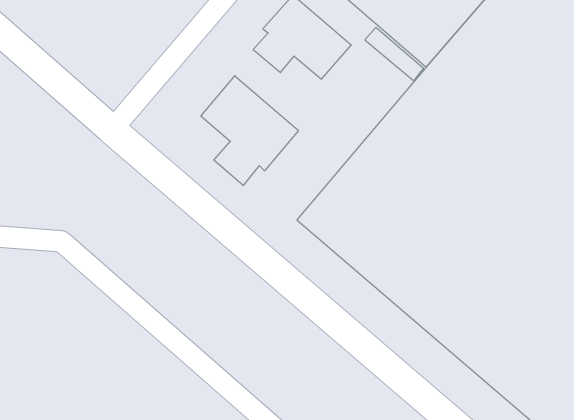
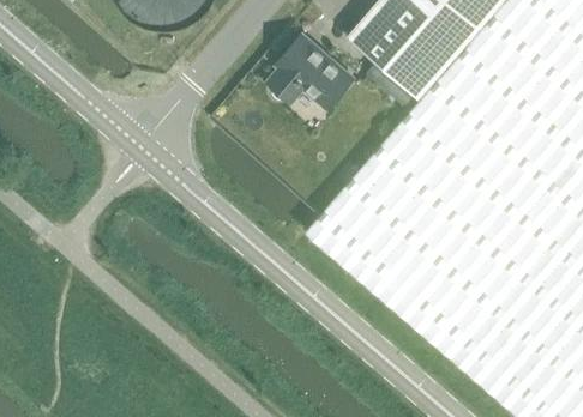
building: [201,76,298,186] -> none

